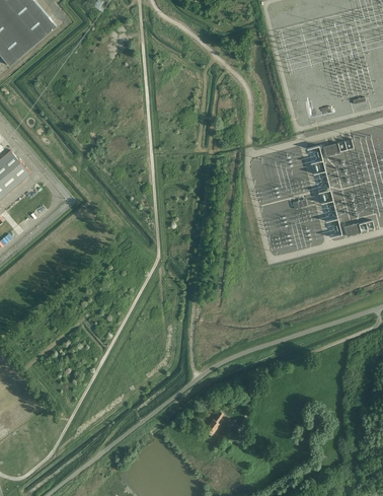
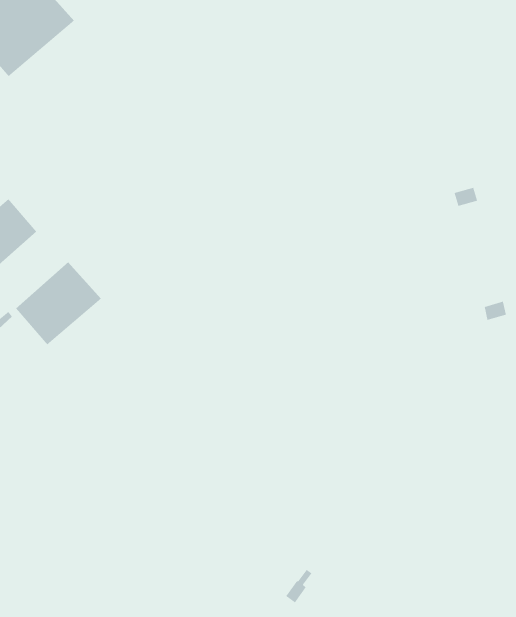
building: none -> [15,261,102,345]

